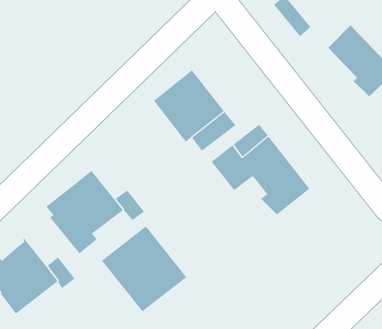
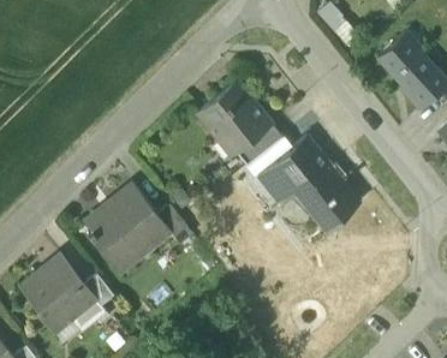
building: [101,226,187,312] -> none

